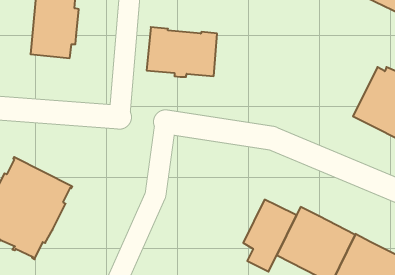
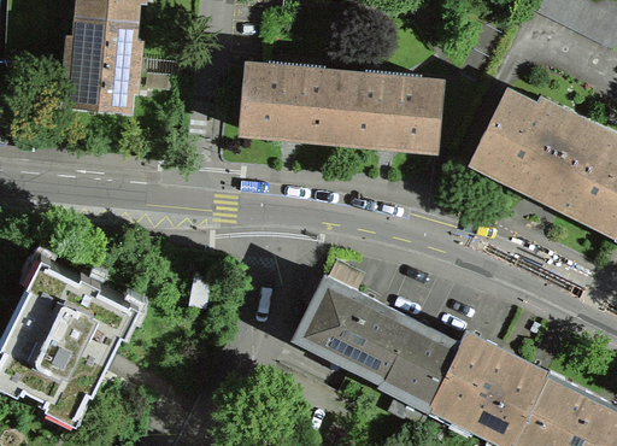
building: none -> [337,77,441,151]
building: none -> [469,90,578,199]
building: none -> [293,277,412,386]

